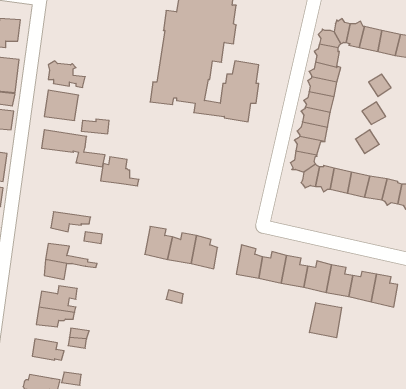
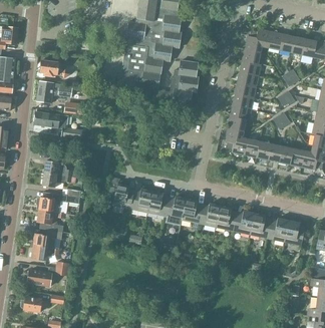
building: [101,157,139,186] -> [43,155,72,178]
building: none -> [165,197,186,226]
building: [309,303,342,338] -> none

